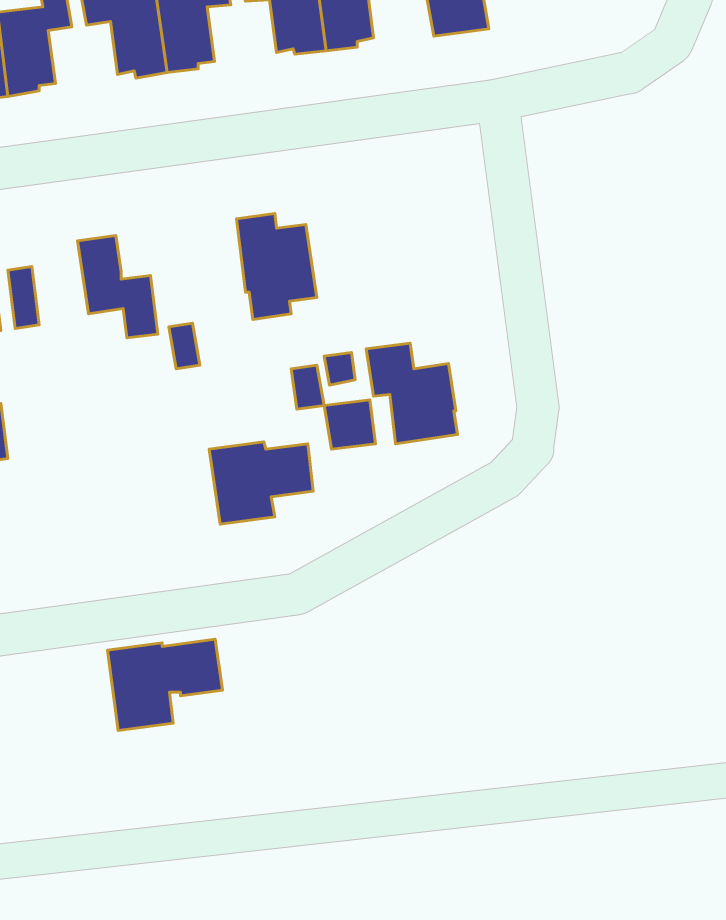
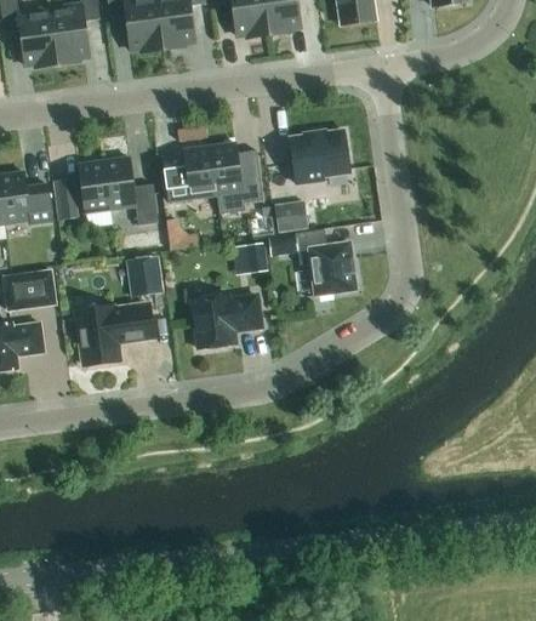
building: none -> [289,130,349,183]
building: none -> [161,146,215,200]
building: none -> [76,160,110,212]
building: none -> [127,256,161,296]
building: [324,400,375,449] -> [273,200,307,233]
building: [107,639,223,731] -> [75,303,152,364]

